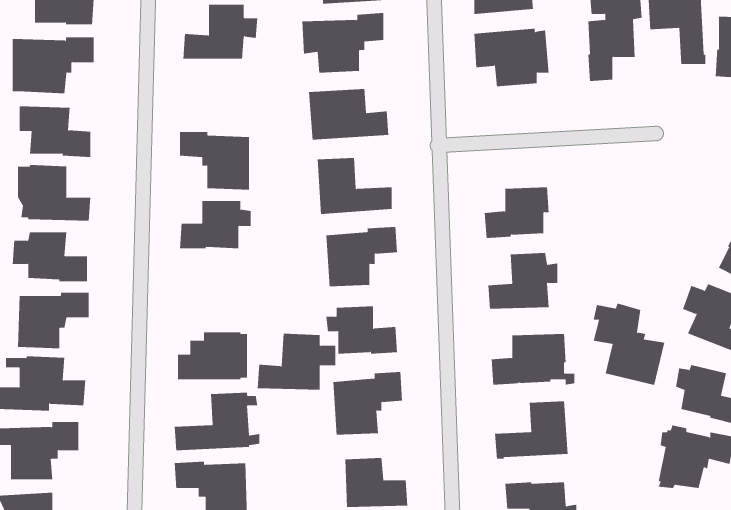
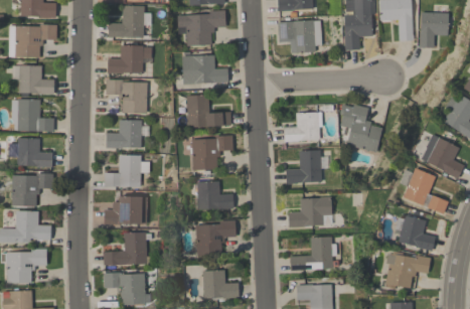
building: none -> [108,45,151,73]
building: [593,303,665,386] -> [340,104,382,152]
building: [257,333,336,390] -> [104,154,150,187]

